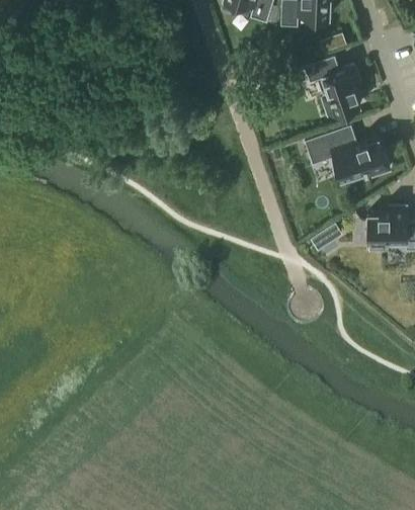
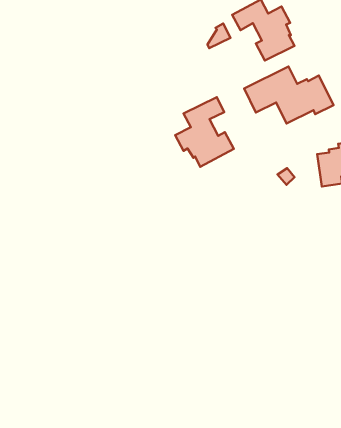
building: none -> [175,97,234,167]

